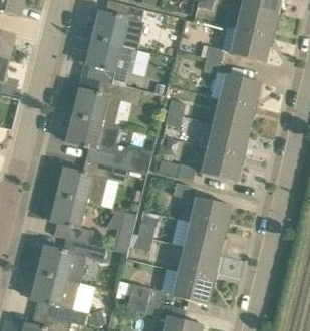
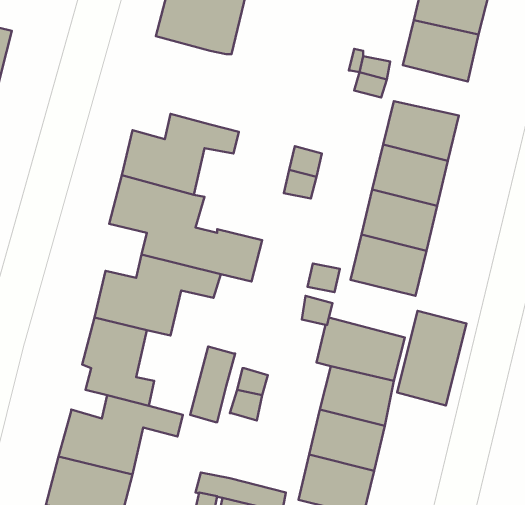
building: [86,37,131,86] -> none
building: none -> [397,311,466,405]

